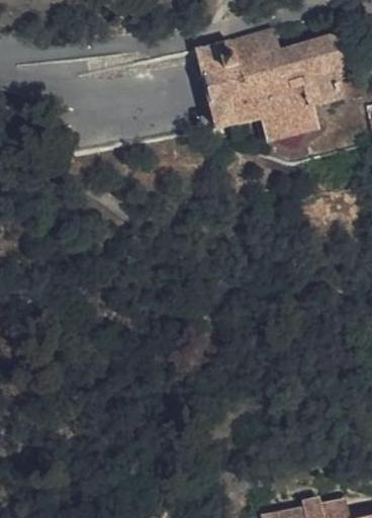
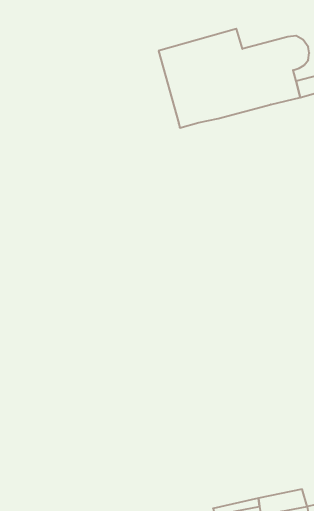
building: [256,108,315,147] -> none

